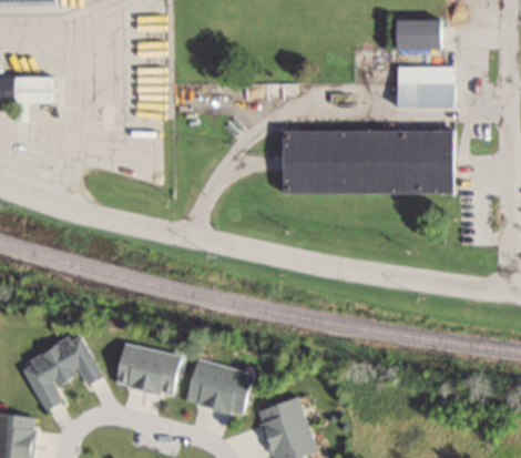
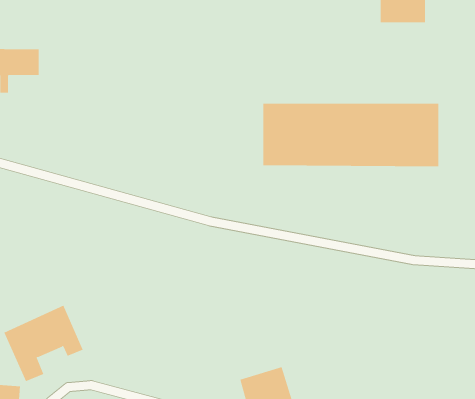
building: [397,64,456,106] -> none
building: [114,343,182,396] -> none
building: [183,358,255,414] -> none

